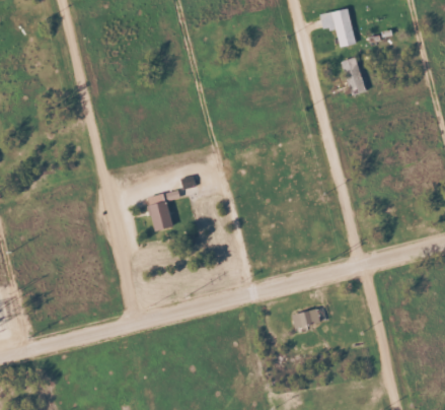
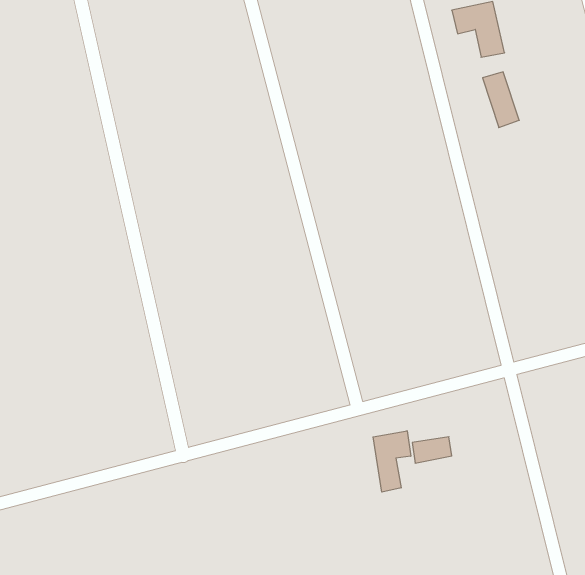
building: [148,194,172,230] -> none
building: none -> [373,431,411,492]

